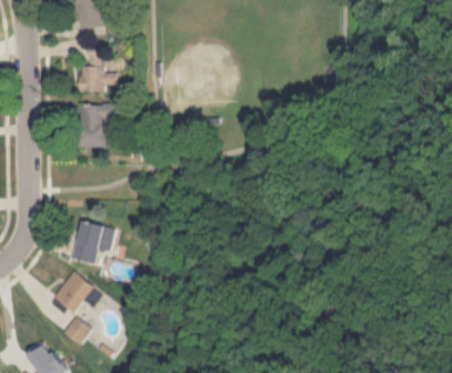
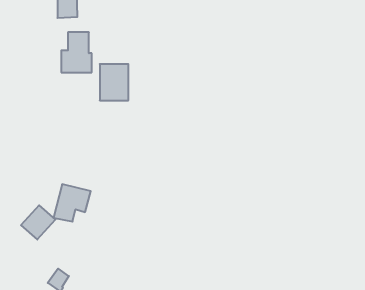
building: [79,105,112,148] -> [100,64,128,100]
building: [53,273,93,313] -> [21,205,55,240]

